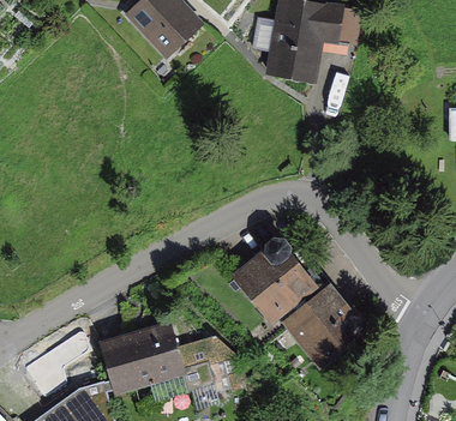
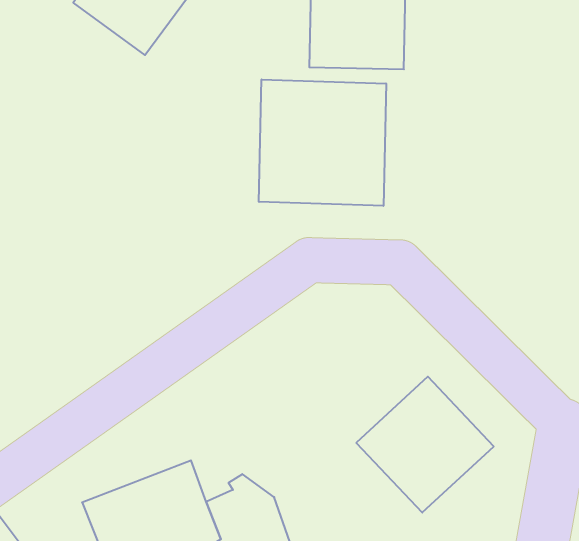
building: none -> [259,79,386,206]
building: [229,236,319,327] -> none

